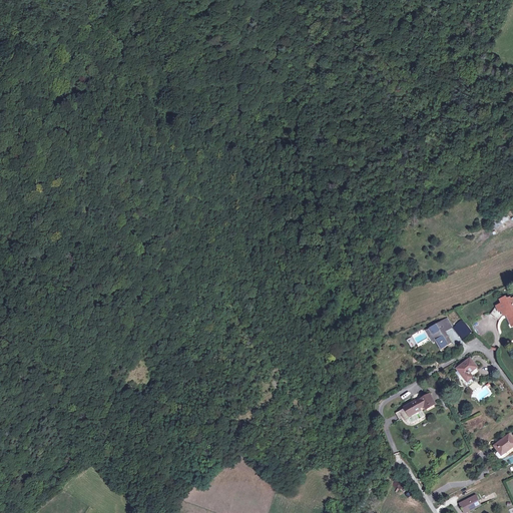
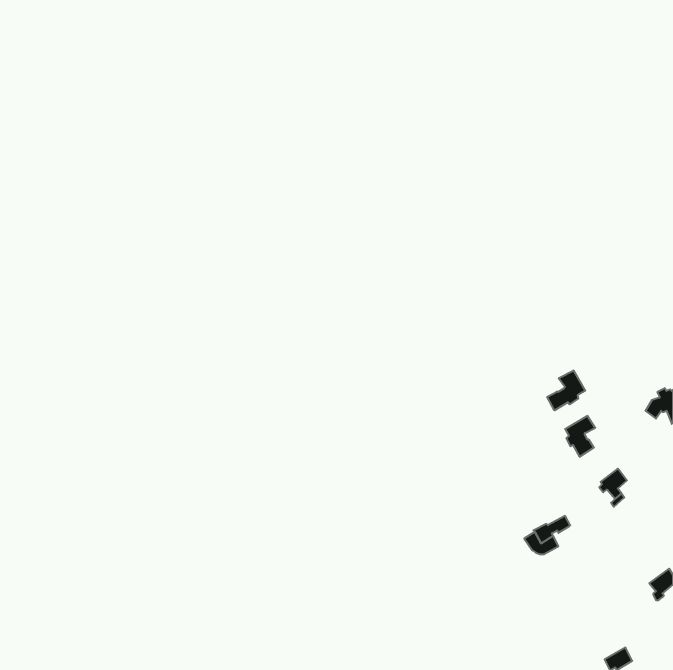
building: none -> [547,370,585,410]

